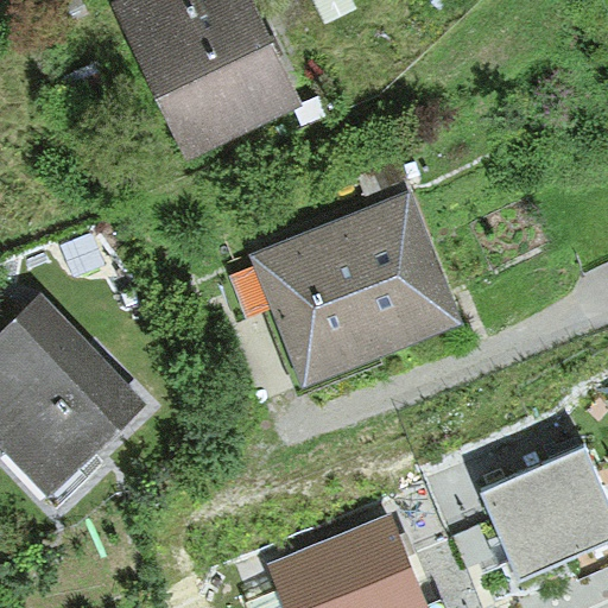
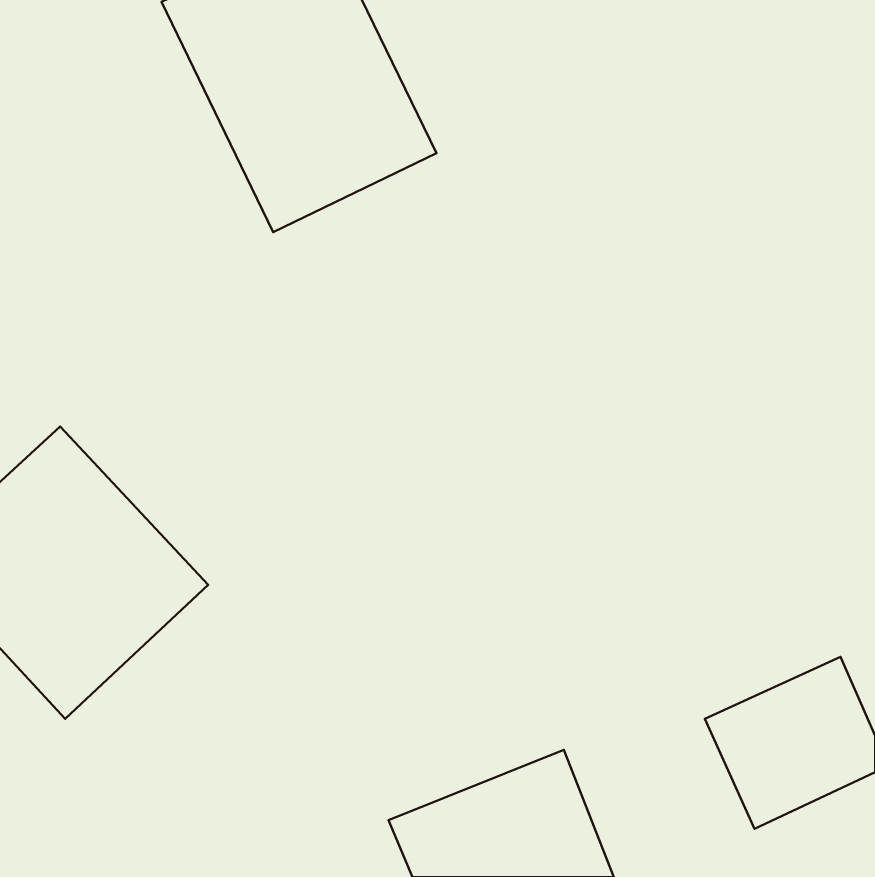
building: [248,194,460,387] -> none

